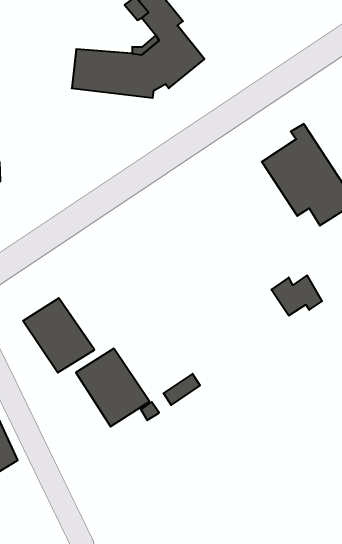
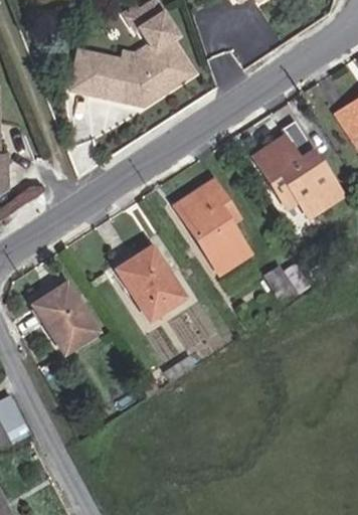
building: none -> [175,181,249,274]
building: [76,349,149,427] -> [116,247,184,320]

